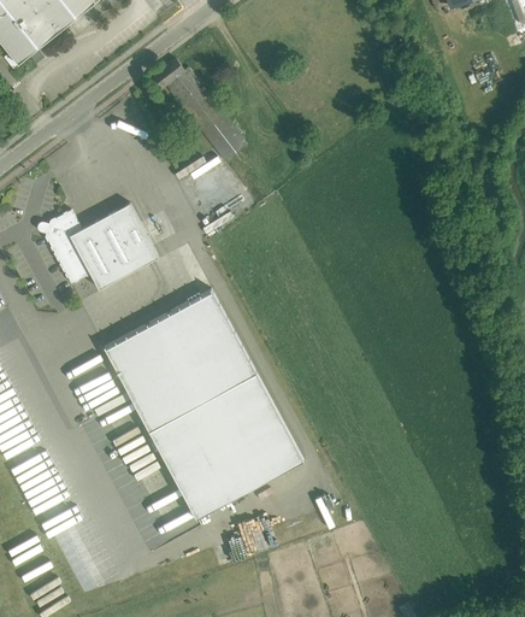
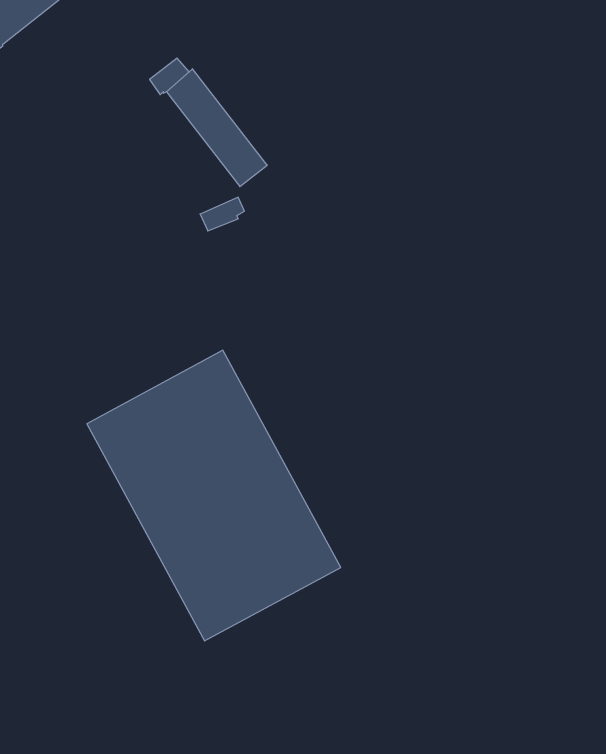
building: [41,202,158,289] -> none

